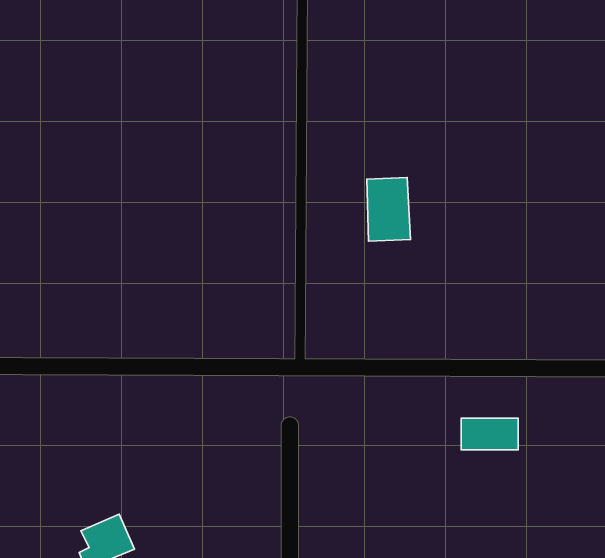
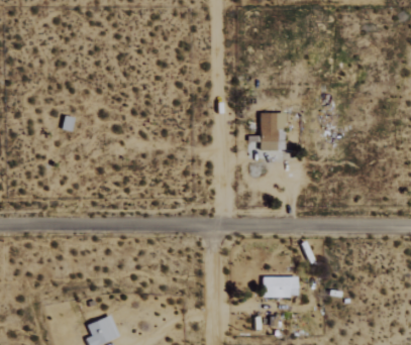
building: [461,418,518,450] -> [264,276,298,296]

